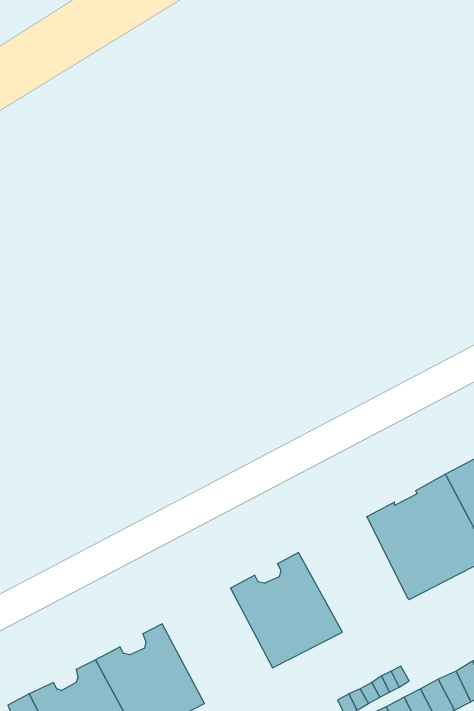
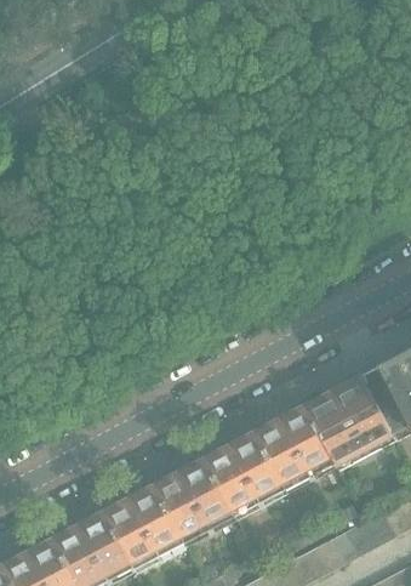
building: none -> [249,408,330,494]
building: none -> [147,461,229,547]

